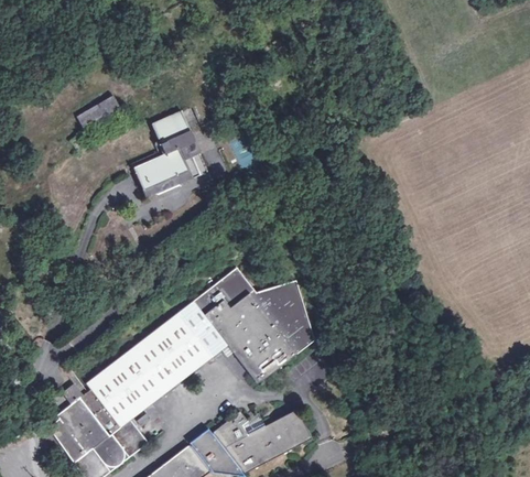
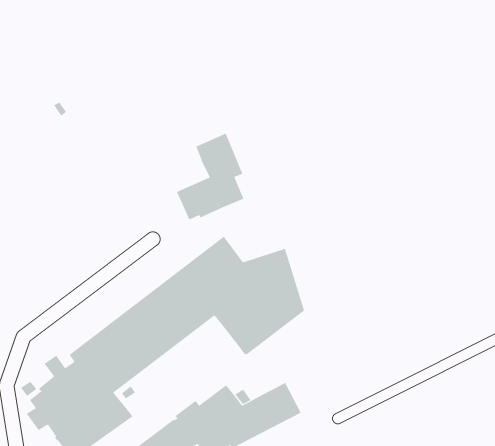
building: [75,95,119,130] -> none
building: [132,111,198,196] -> [176,133,244,220]

